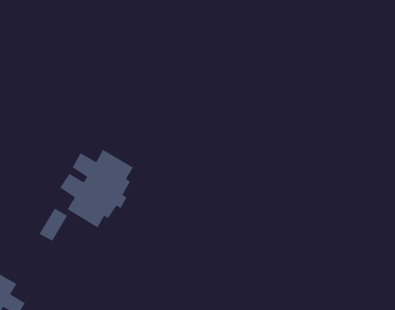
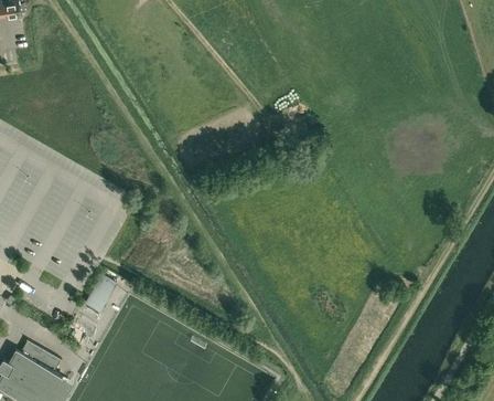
building: [59,148,134,228] -> none

